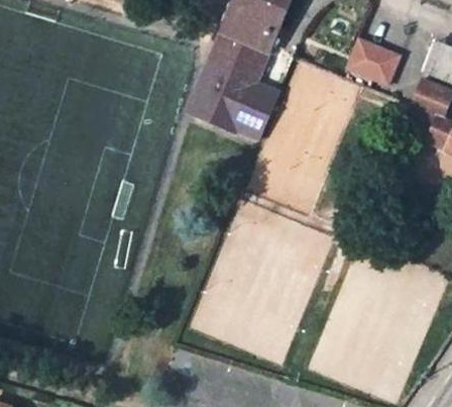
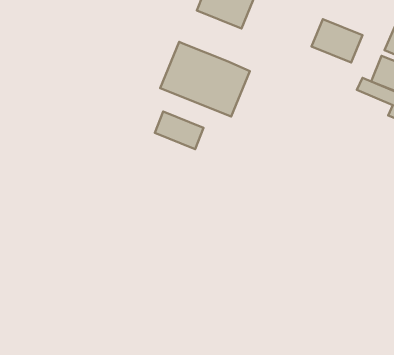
building: [210,27,272,82] -> none
building: none -> [155,111,204,149]

